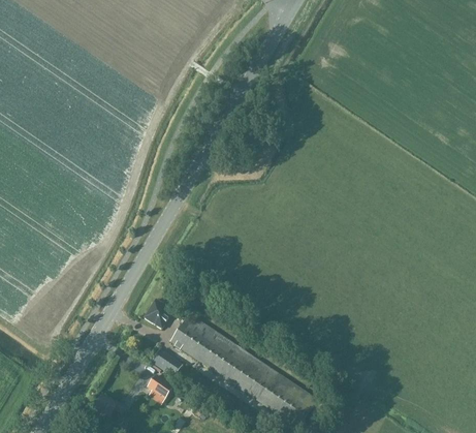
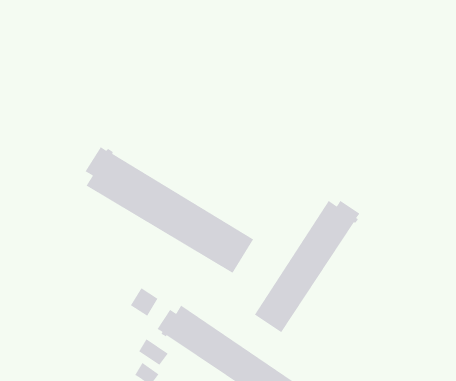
building: none -> [85,146,254,274]
building: none -> [254,200,361,333]

